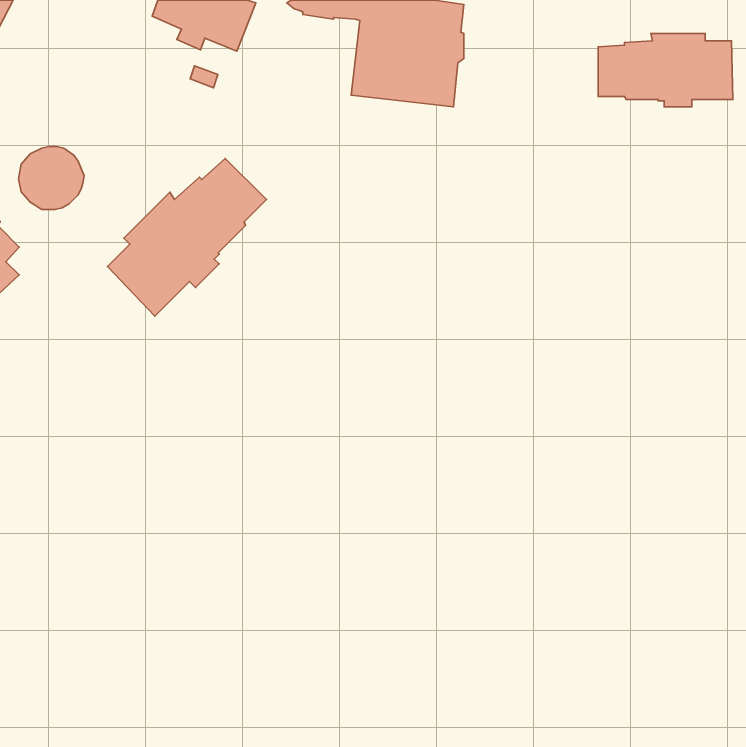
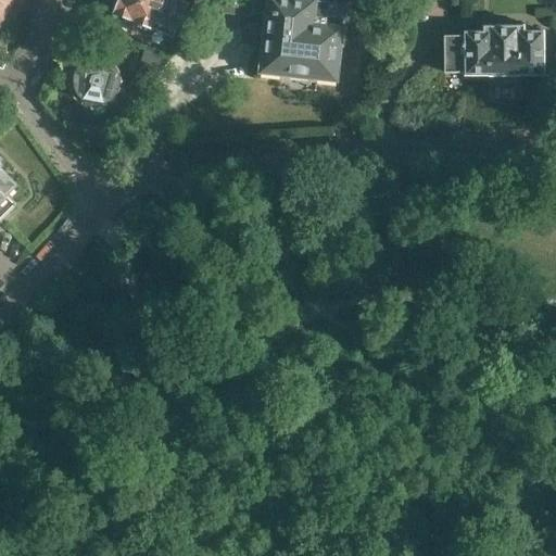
building: [18,147,84,209] -> [73,56,122,103]
building: [108,158,267,316] -> none

